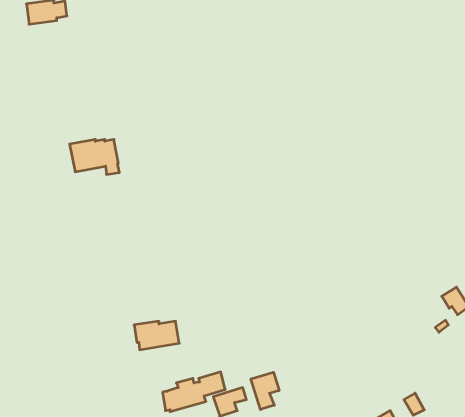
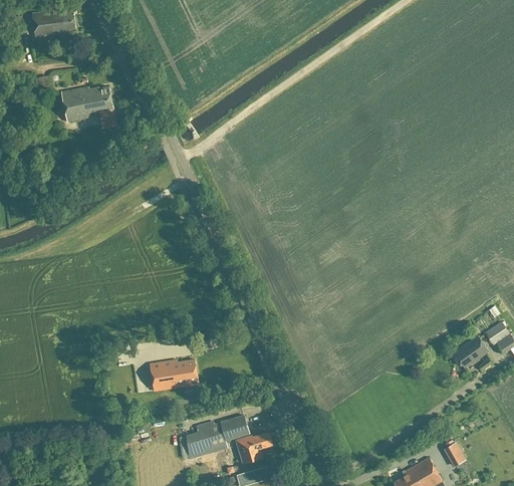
building: [70,139,119,174] -> [60,86,114,125]
building: none -> [452,335,489,368]
building: [251,372,279,410] -> none

